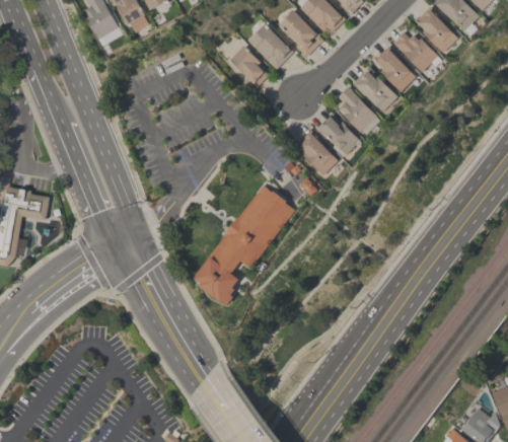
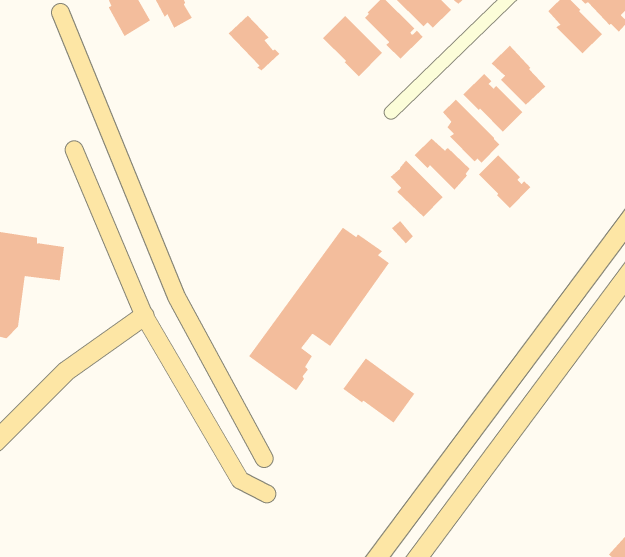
building: [392,31,441,72] -> none
building: [228,46,268,88] -> [228,15,280,71]
building: none -> [478,154,531,209]
building: none -> [343,357,415,424]

